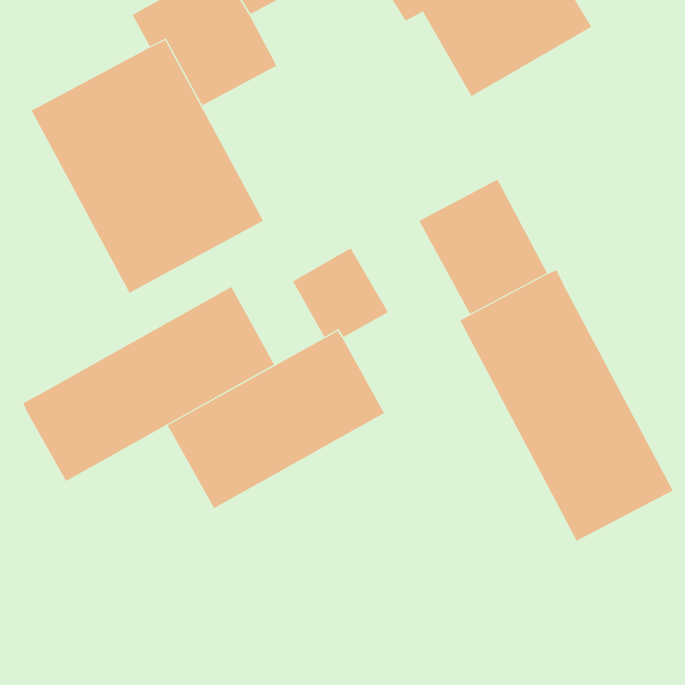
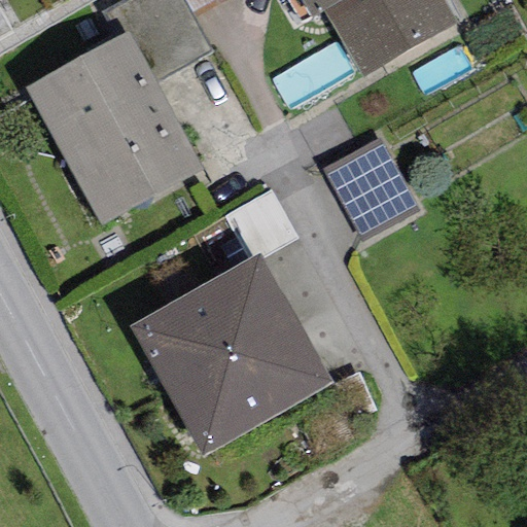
building: [460,270,673,542] -> none
building: [22,286,275,482] -> none
building: none -> [166,316,333,454]

